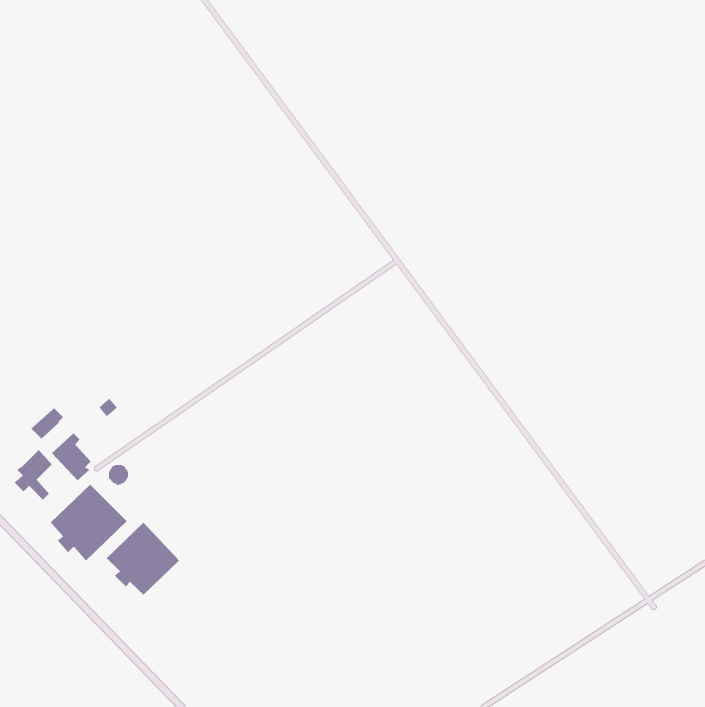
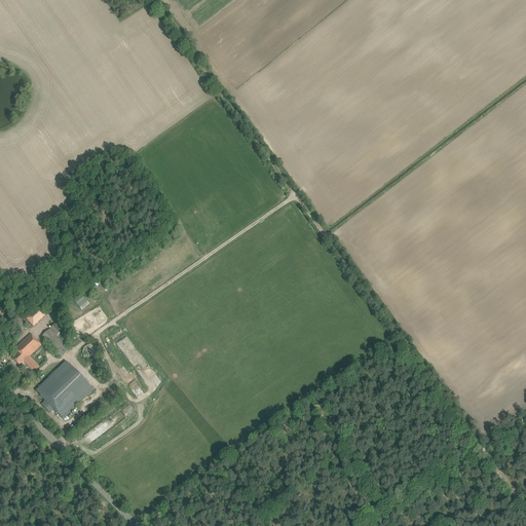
building: [106,522,180,596] -> none

